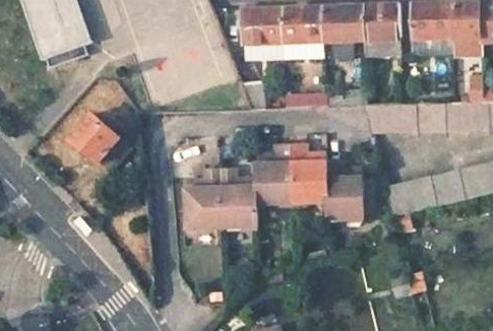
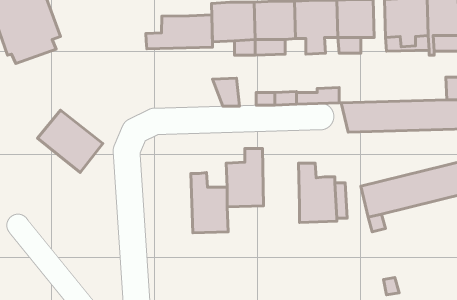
building: none -> [146,15,212,49]
building: [289,149,325,205] -> none
building: [181,174,221,233] -> none

